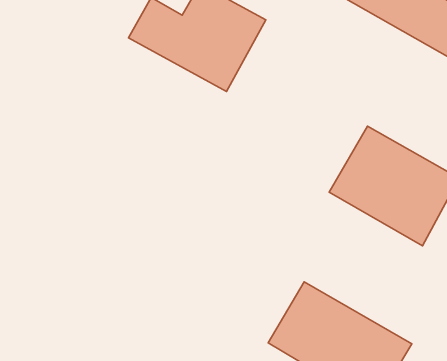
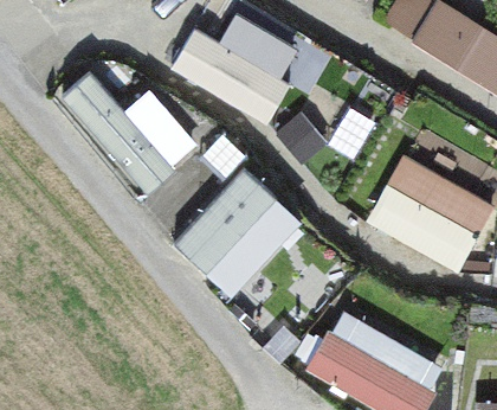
building: none -> [54,62,156,158]
building: none -> [172,169,304,301]

